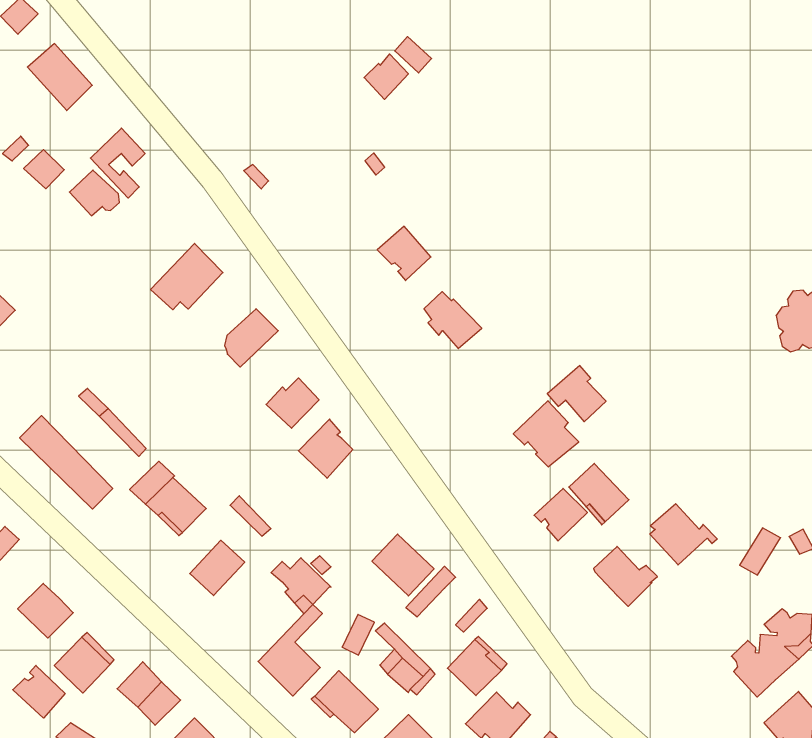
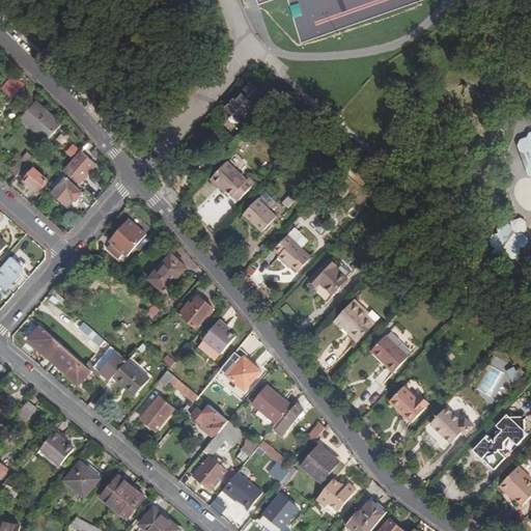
building: none -> [207,160,247,195]
building: [547,366,606,422] -> [307,258,343,292]
building: none -> [225,357,260,390]
building: [534,488,587,541] -> none
building: [650,504,717,565] -> [432,404,474,442]
building: [13,665,65,718] -> none

